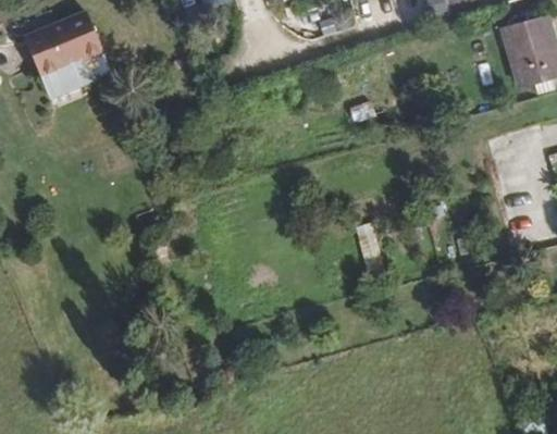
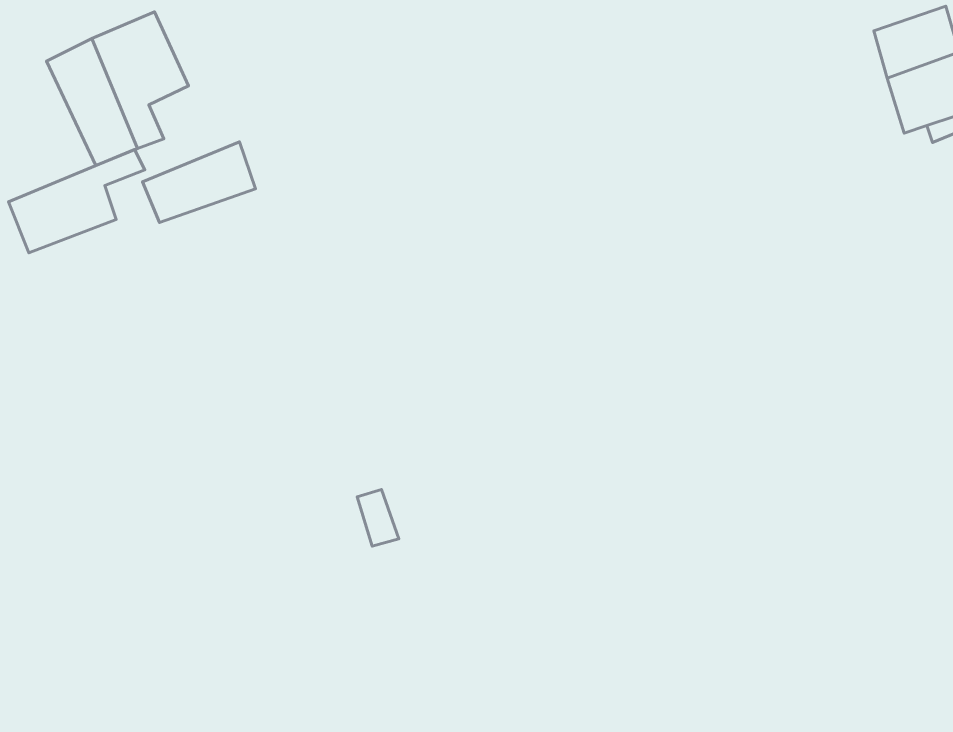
building: none -> [143,142,255,223]
building: none -> [9,150,145,253]

